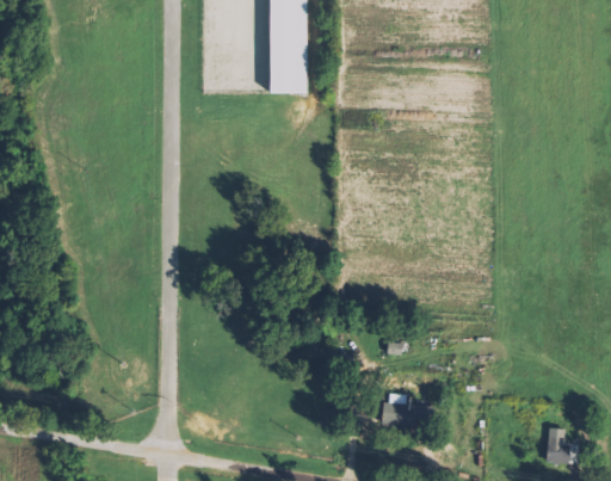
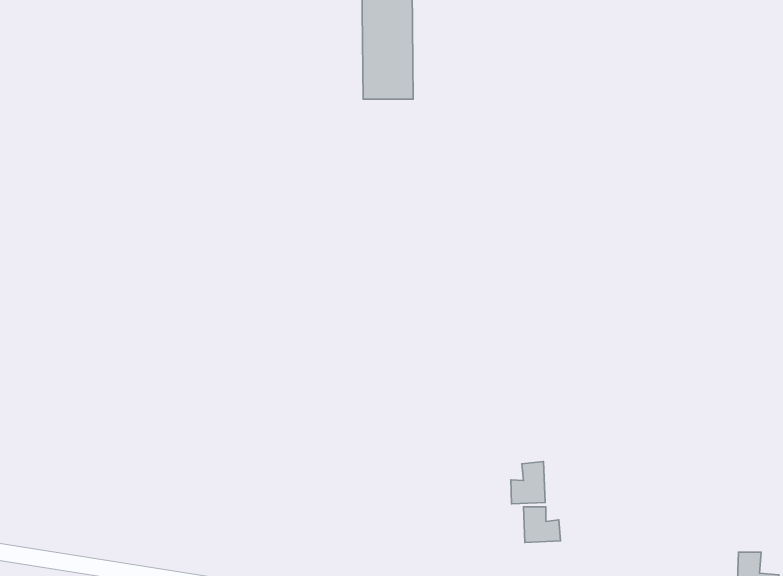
building: none -> [511,462,545,504]

